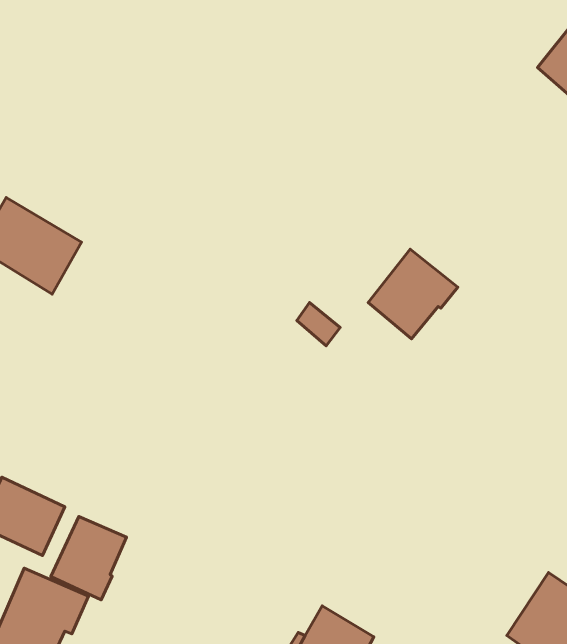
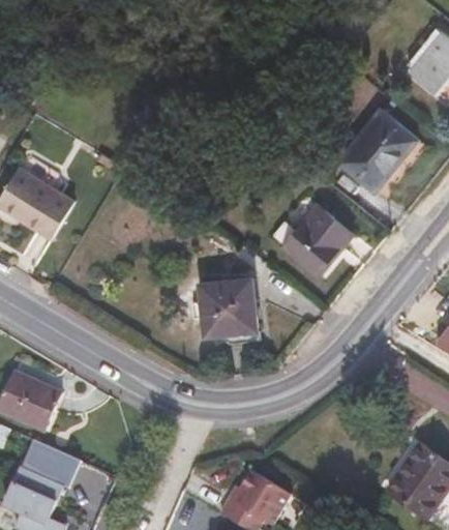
building: none -> [338,109,417,190]
building: none -> [201,281,258,338]
building: [51,517,127,600] -> none

